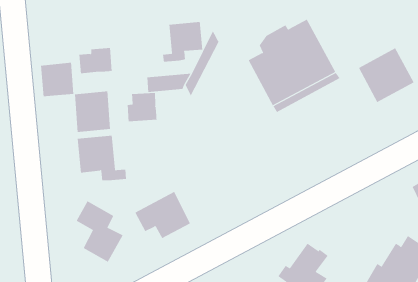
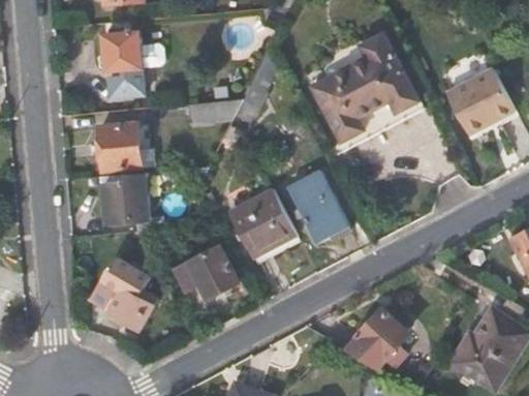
building: [162,21,203,63] -> none
building: [40,62,74,97] -> [102,30,144,72]
building: [127,92,157,122] -> none
building: none -> [286,171,353,241]
building: none -> [228,188,298,258]

